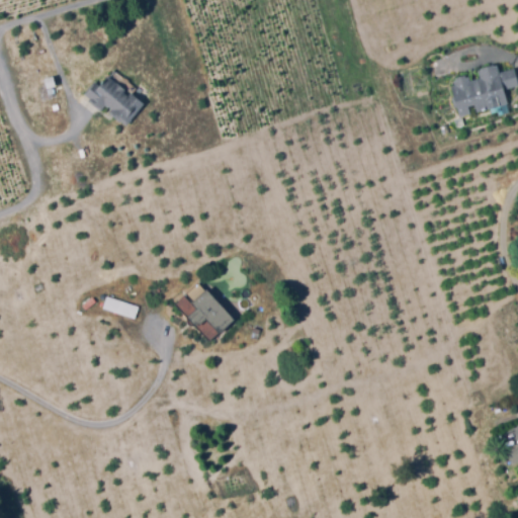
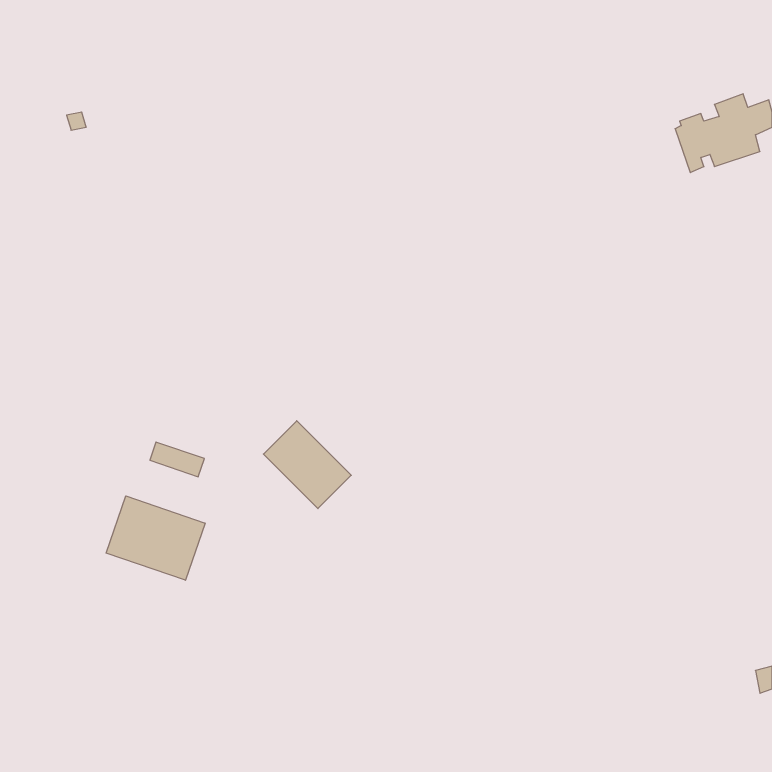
building: [86,76,144,125] -> none
building: none -> [106,496,205,580]

